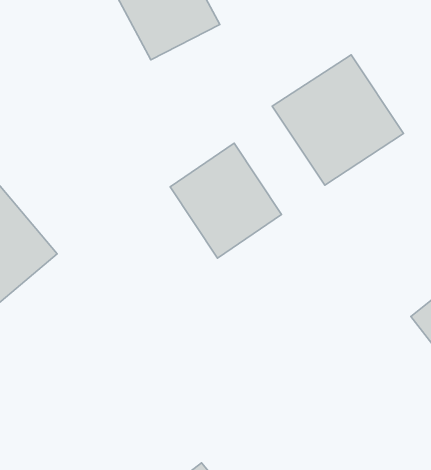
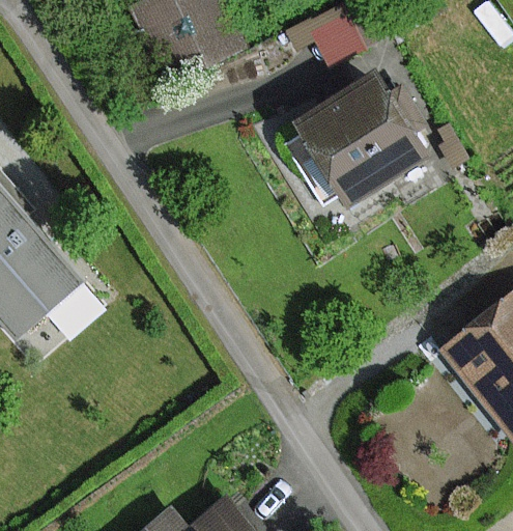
building: [170,143,282,258] -> none

